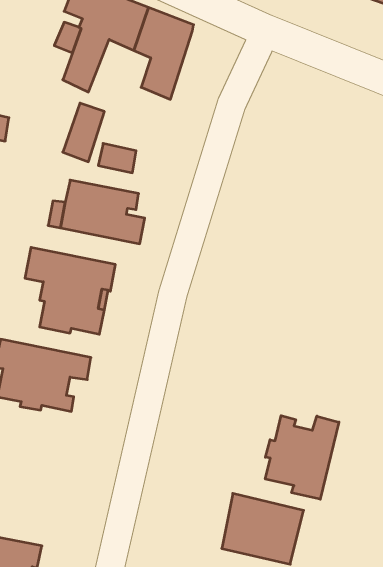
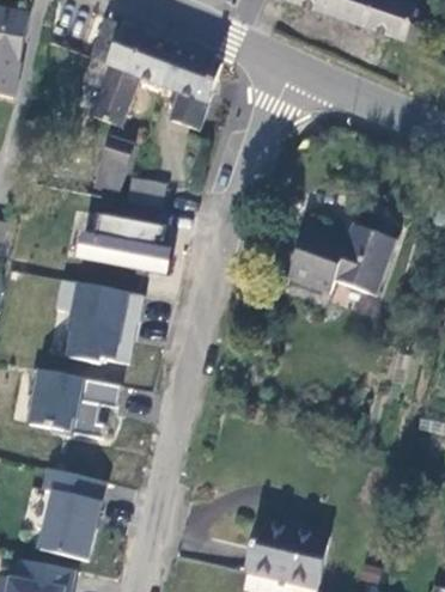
building: none -> [289,225,395,295]
building: [265,416,339,499] -> none
building: none -> [39,470,105,562]

